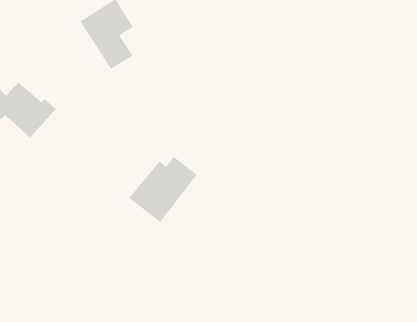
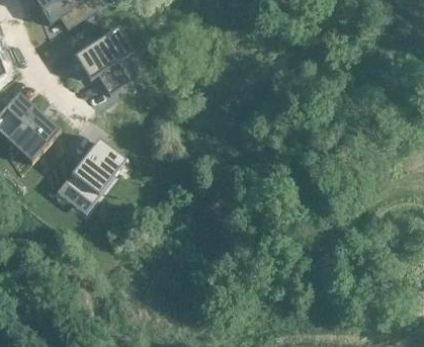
building: [129,156,198,223] -> [62,142,125,203]

